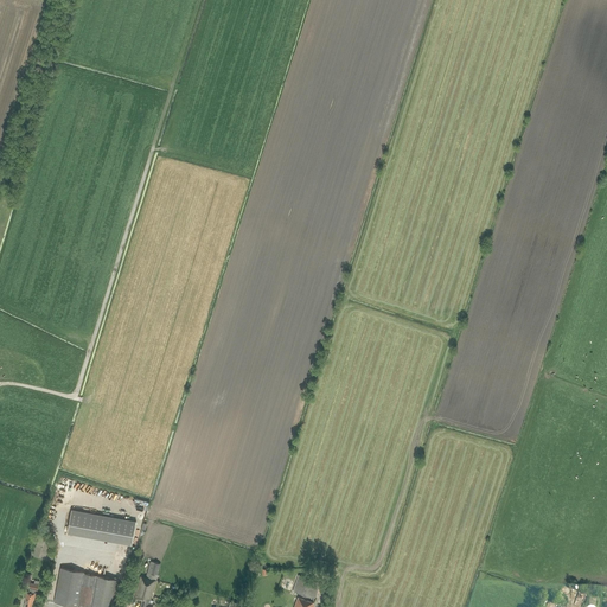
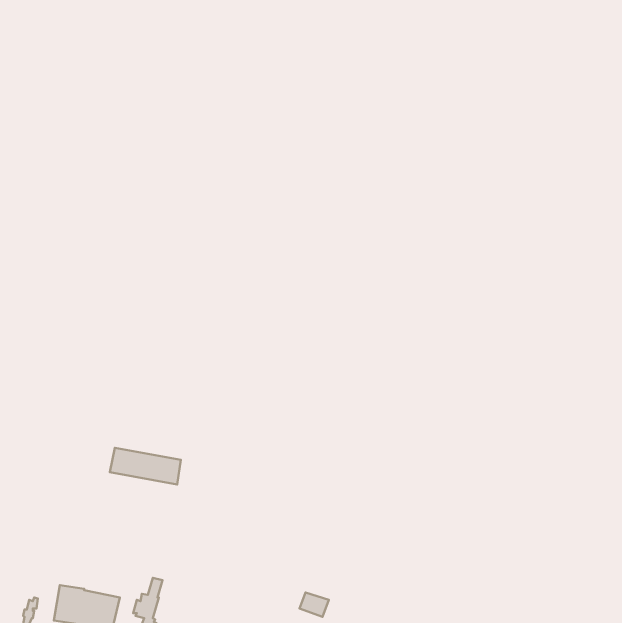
building: [65,511,134,547] -> [110,448,181,484]

